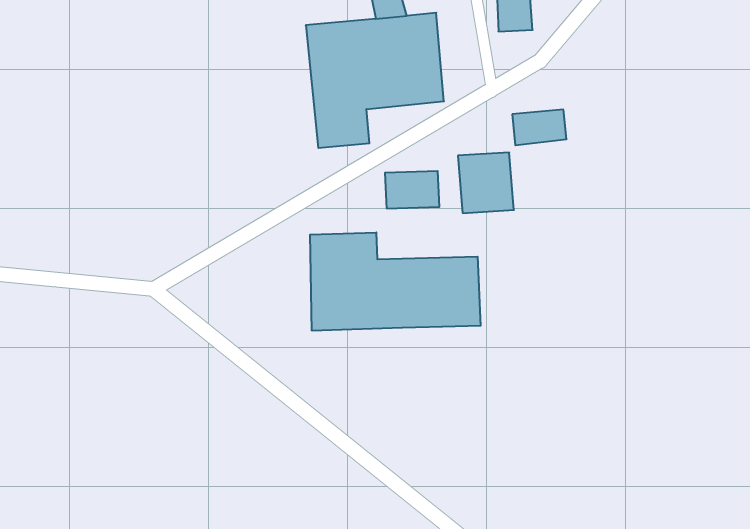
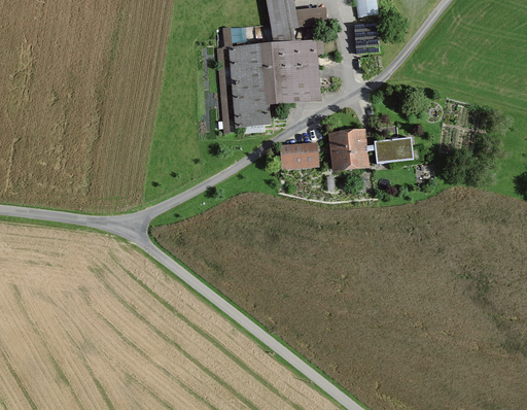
building: [512,110,567,145] -> [375,138,411,162]
building: [310,232,481,331] -> none

